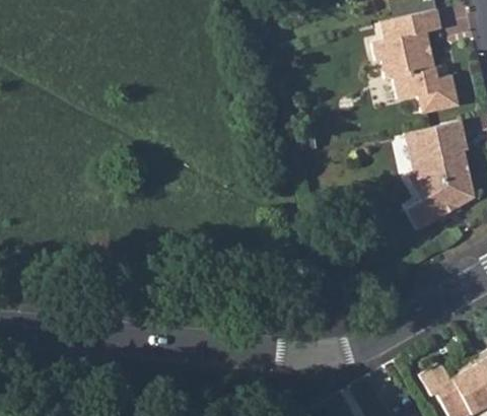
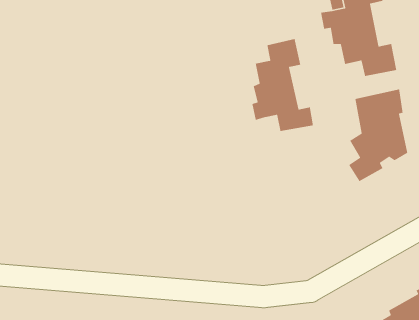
building: none -> [251,38,314,132]

